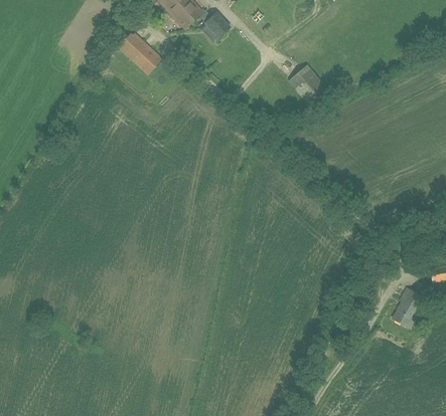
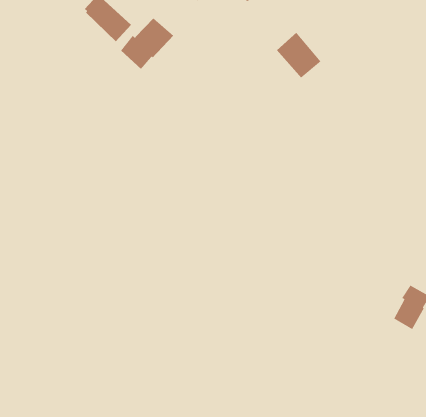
building: none -> [120,17,174,70]

